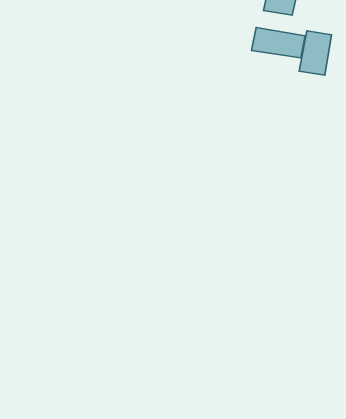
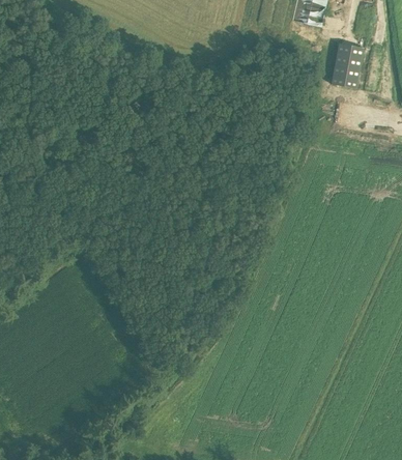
building: [252,28,305,58] -> none

